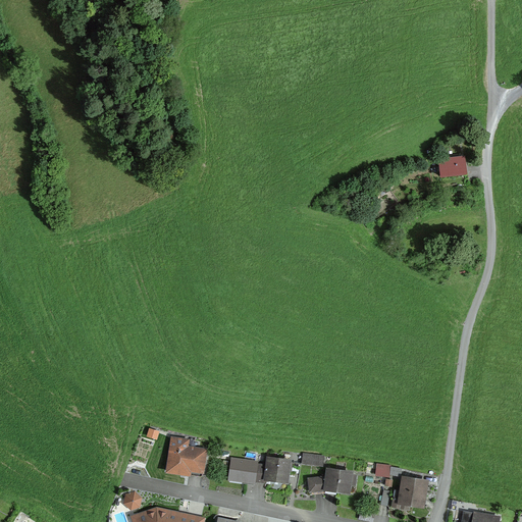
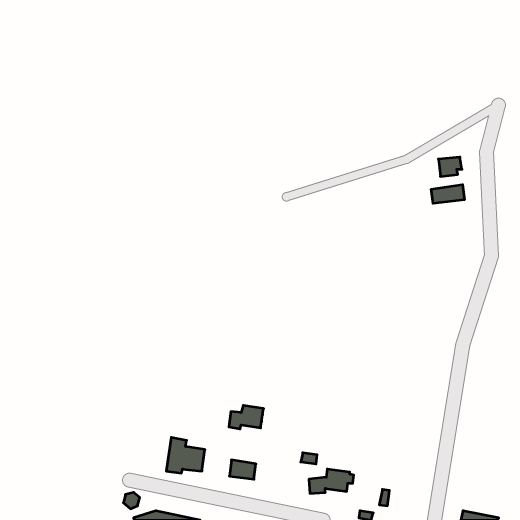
building: none -> [431,185,464,203]
building: [255,458,290,481] -> [229,405,264,429]
building: [393,480,425,509] -> none

